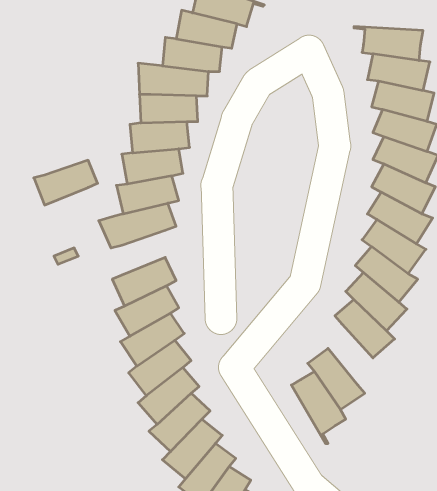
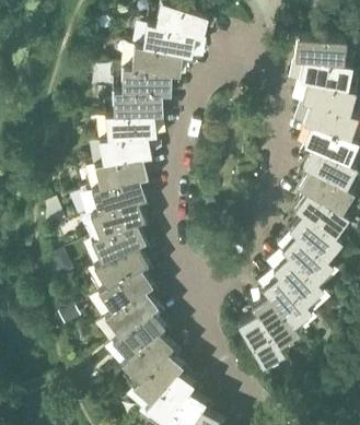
building: [34,160,98,205] -> [93,205,144,241]
building: none -> [264,281,311,330]

